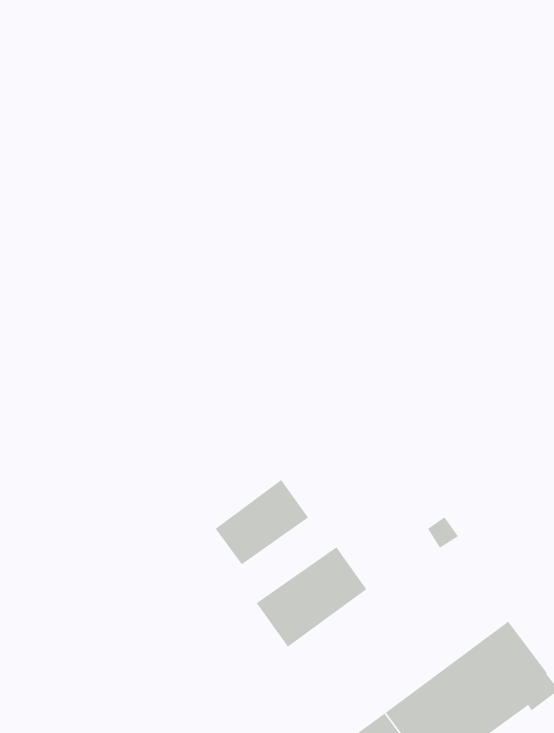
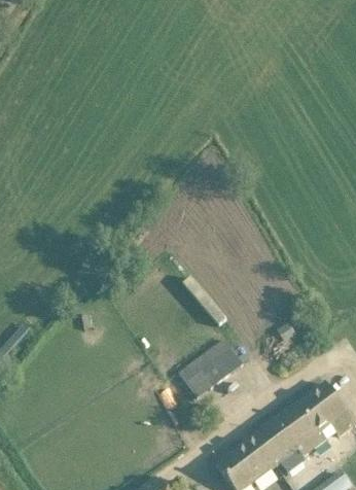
building: [215,479,309,565] -> none

